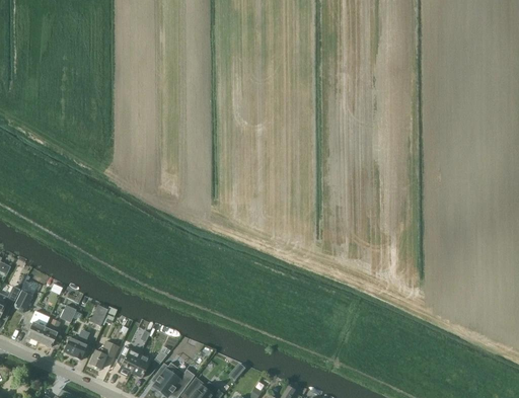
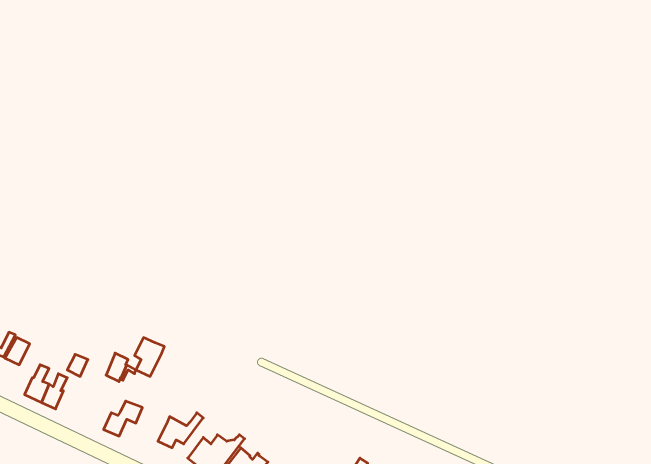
building: [63,330,87,361] -> none
building: [116,346,139,377] -> [135,338,164,376]

